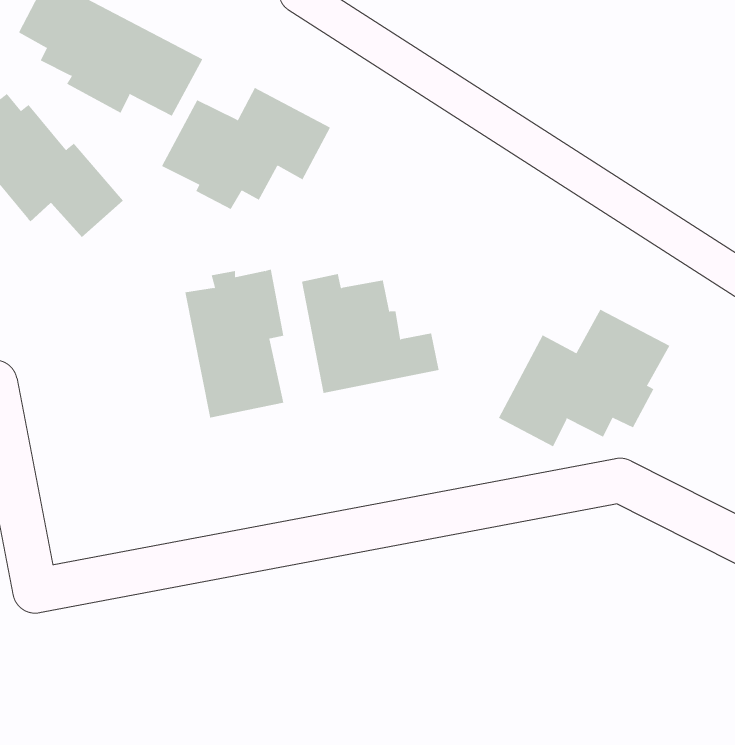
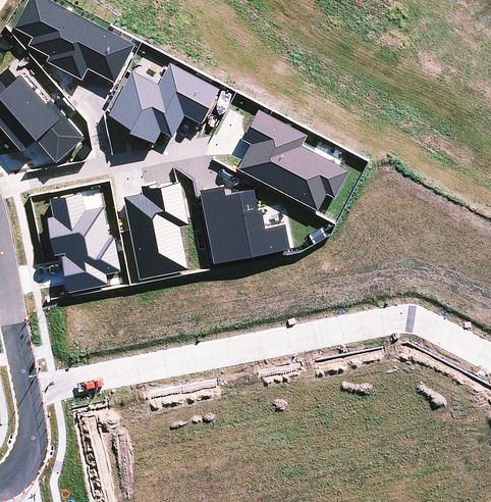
building: none -> [237,110,348,211]
building: none -> [47,193,120,293]
building: [498,309,670,447] -> none

